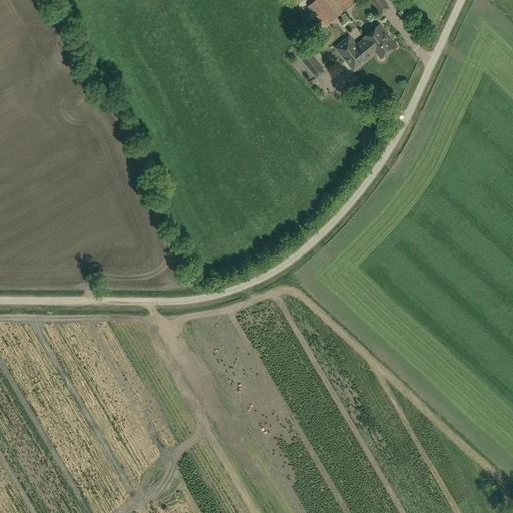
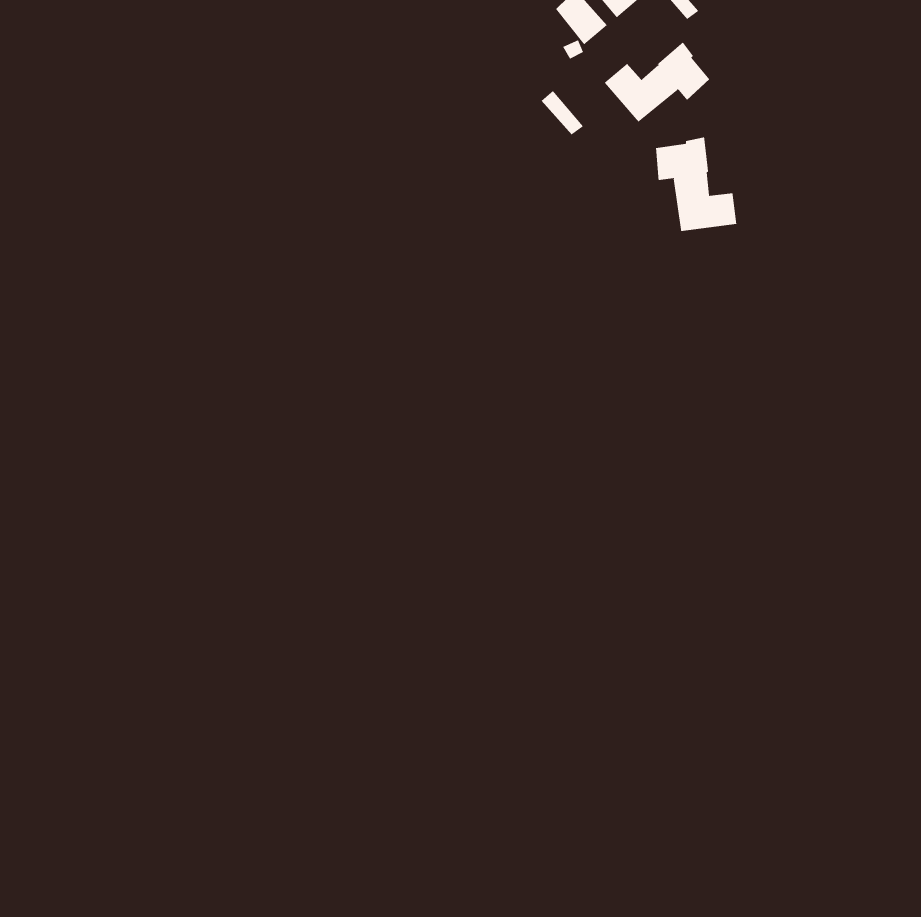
building: none -> [656,137,737,232]

